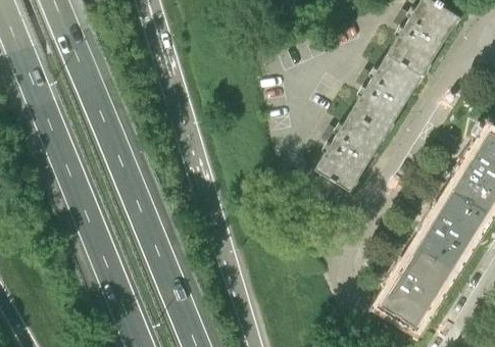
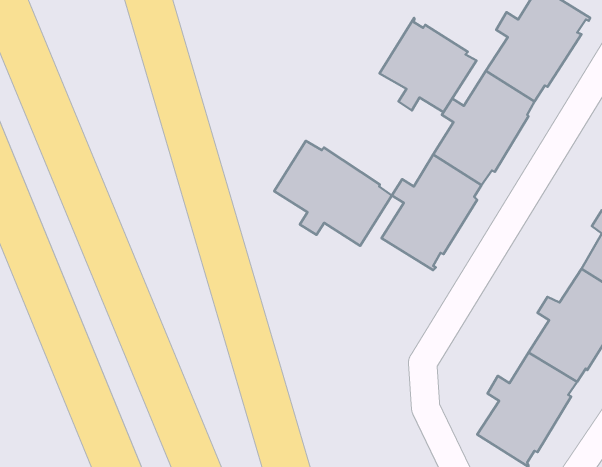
building: none -> [379,18,476,112]
building: none -> [274,141,392,246]

